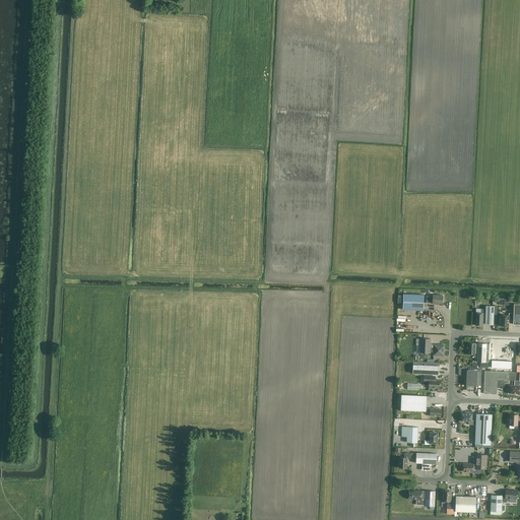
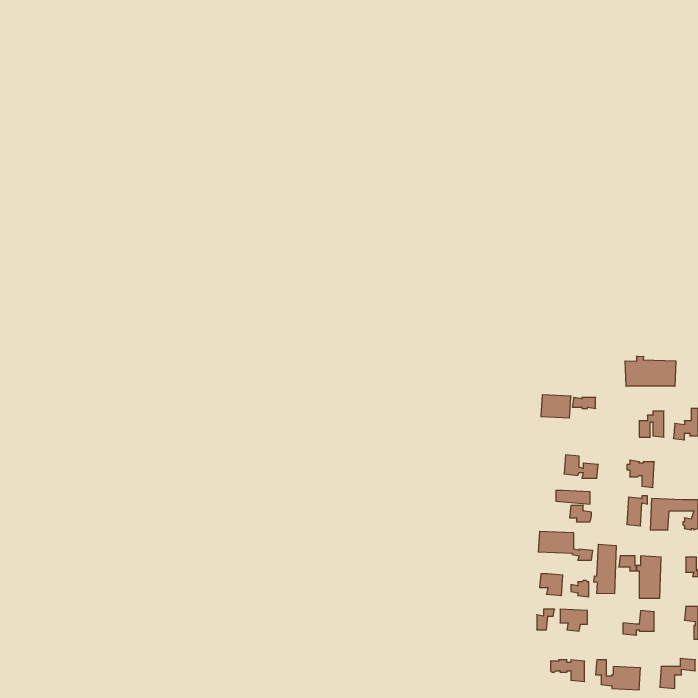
building: none -> [625,356,676,386]
building: none -> [594,544,616,594]

